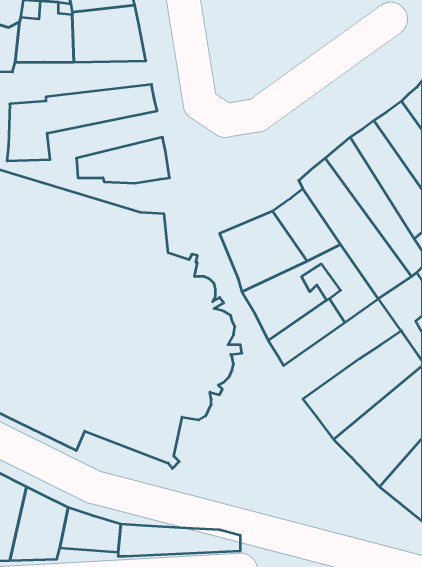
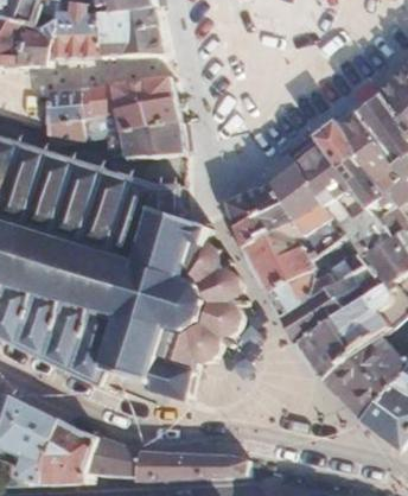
building: none -> [79,100,178,141]
building: none -> [281,260,382,345]

